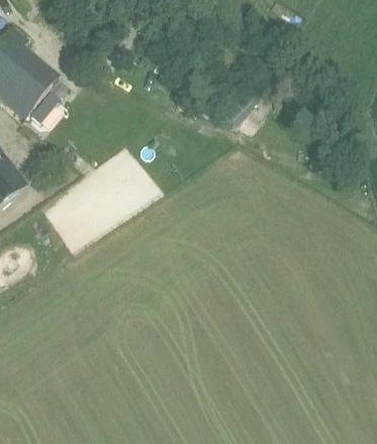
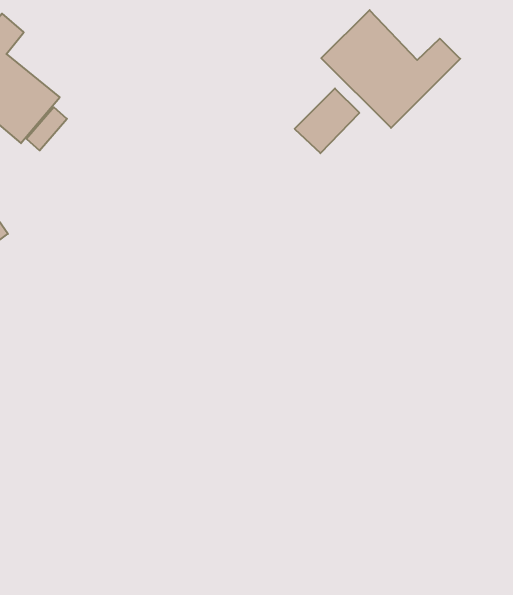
building: none -> [321,10,460,128]

